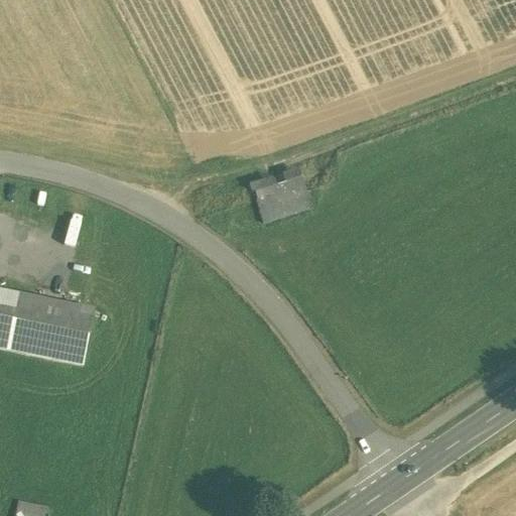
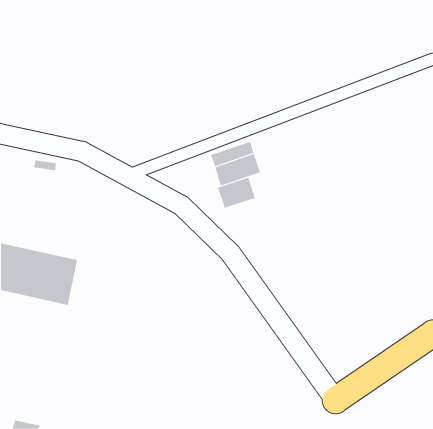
building: none -> [217,177,256,208]

